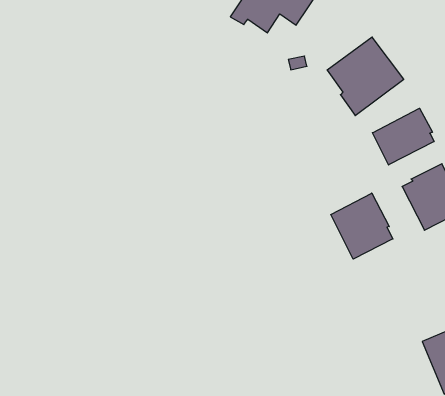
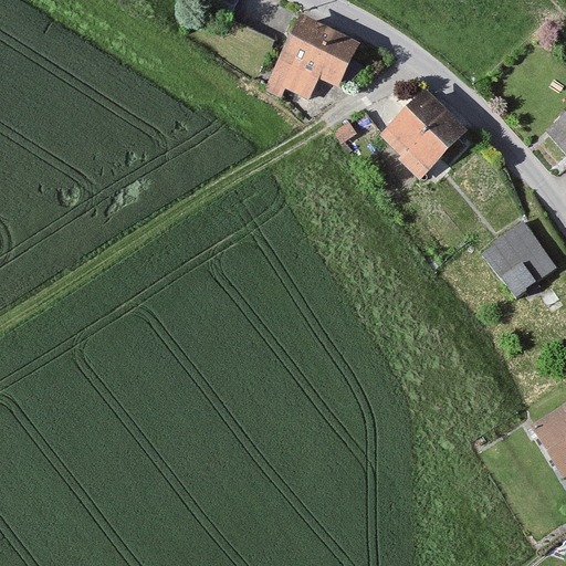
building: [372,108,434,165] -> none
building: [331,193,393,259] -> none

